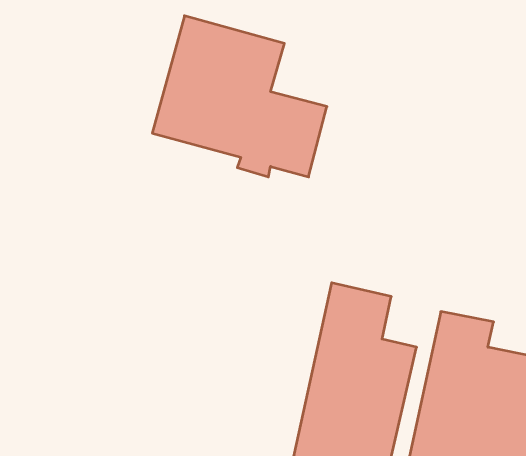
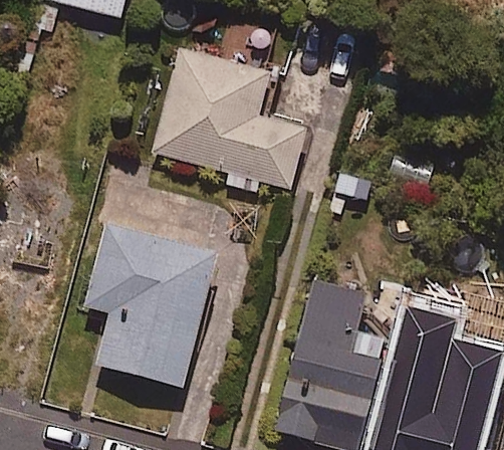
building: none -> [84,224,216,386]

